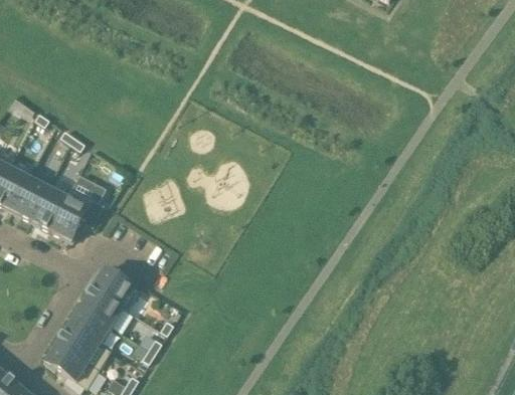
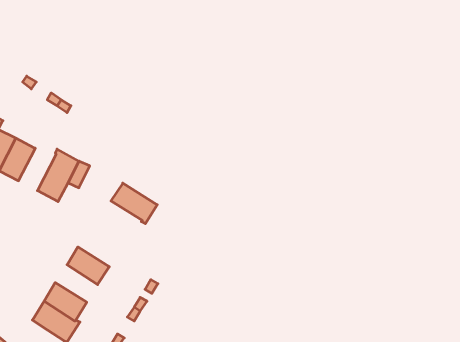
building: [30,179,68,227] -> none
building: [91,266,138,308] -> [111,183,157,224]
building: [67,303,111,341] -> none

